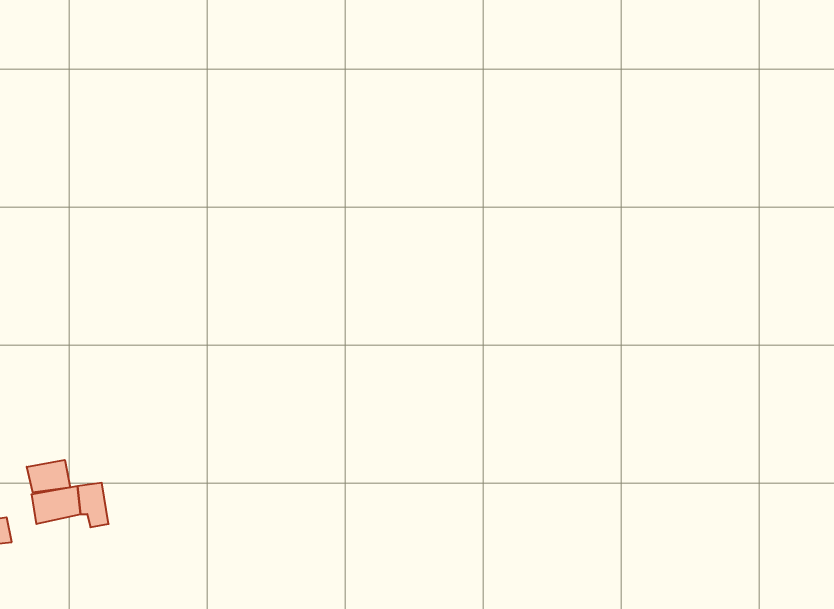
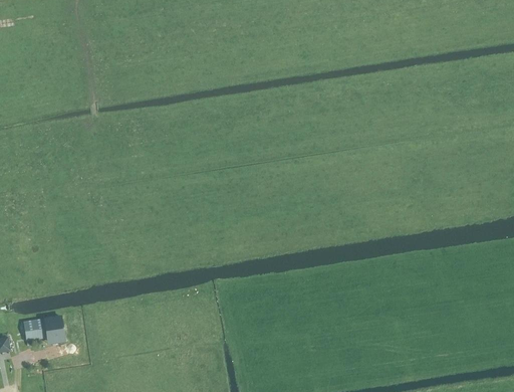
building: [27,460,70,492] -> none

